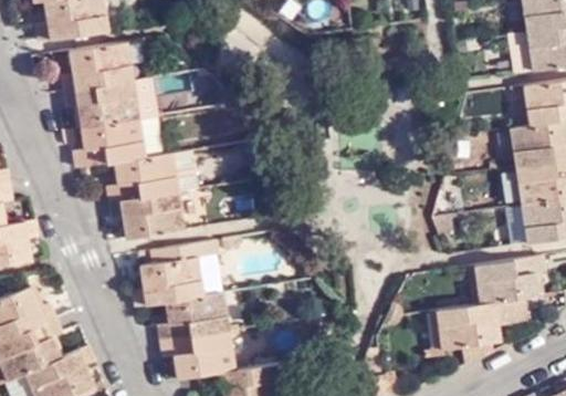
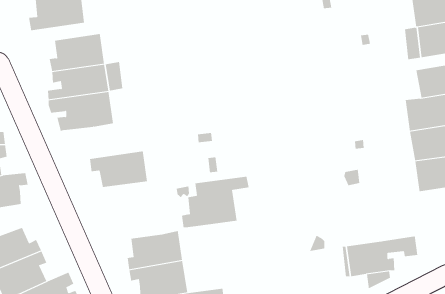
building: [111,153,182,201] -> none
building: [135,240,221,305] -> [181,176,250,228]
building: [476,256,546,305] -> none

